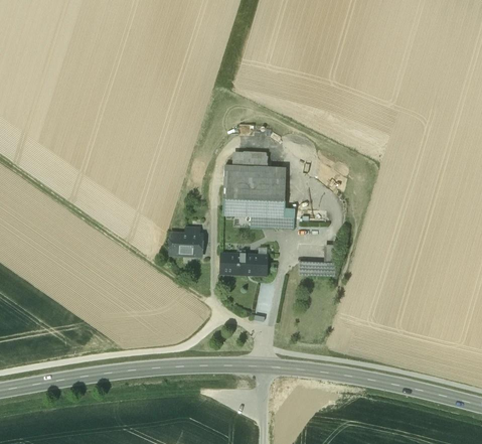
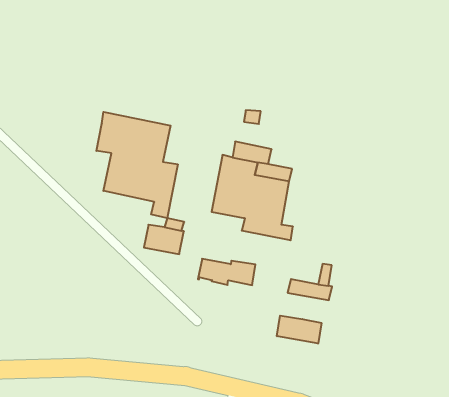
building: none -> [96,112,178,218]
building: none -> [277,316,321,344]

